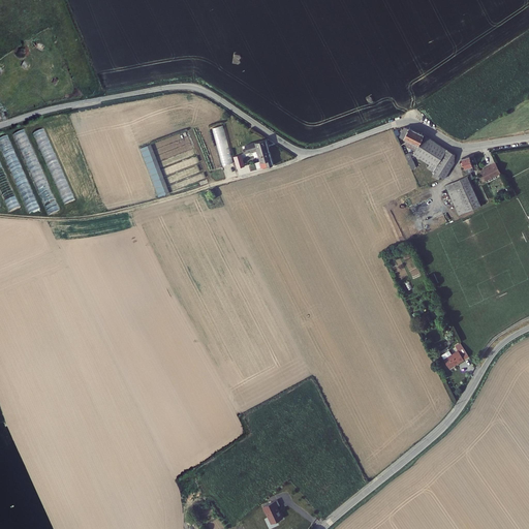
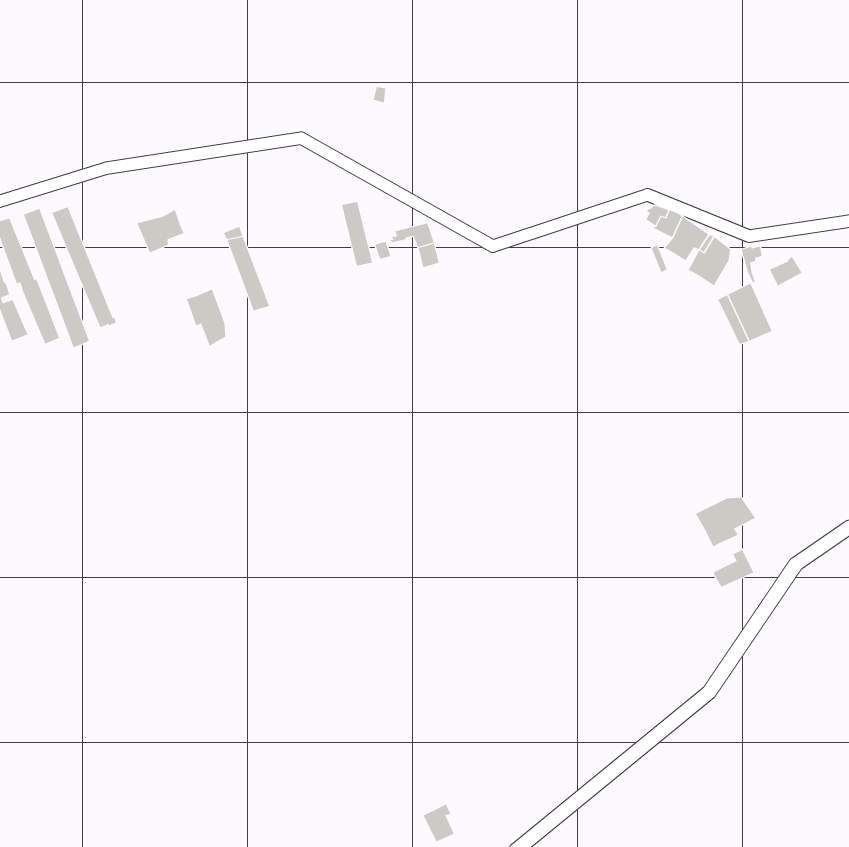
building: none -> [136,209,184,253]
building: none -> [186,289,226,347]
building: none -> [695,497,756,548]

